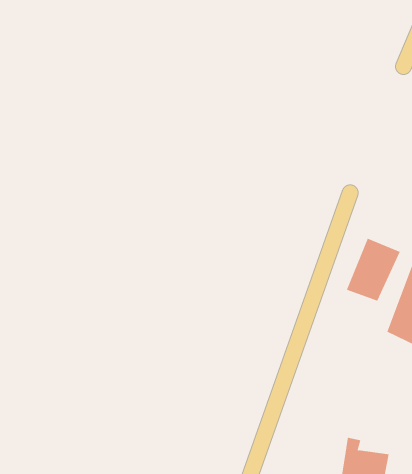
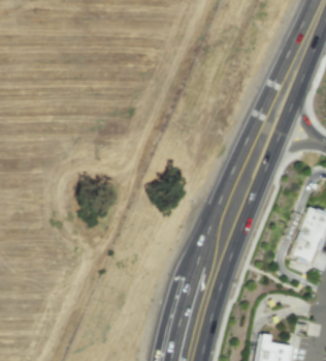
building: [346,238,400,302] -> none

